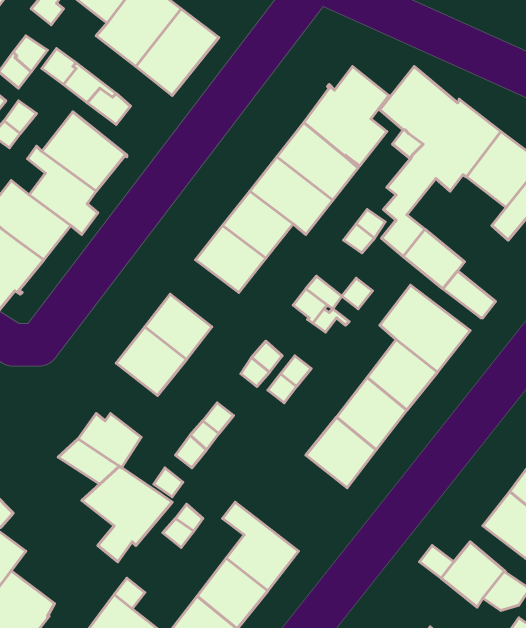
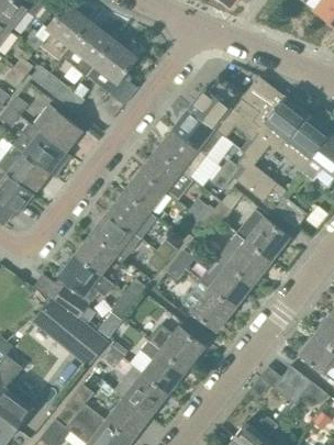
building: none -> [108,193,149,234]
building: none -> [58,256,100,302]
building: none -> [146,323,204,370]

